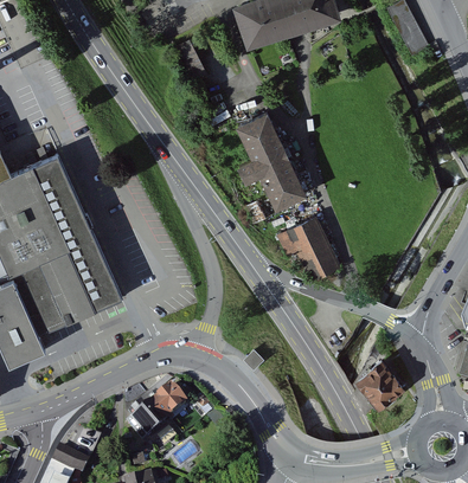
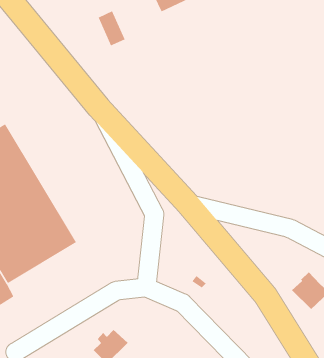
building: [237,115,306,212] -> none
building: [278,218,338,279] -> none
building: [148,386,185,418] -> none

